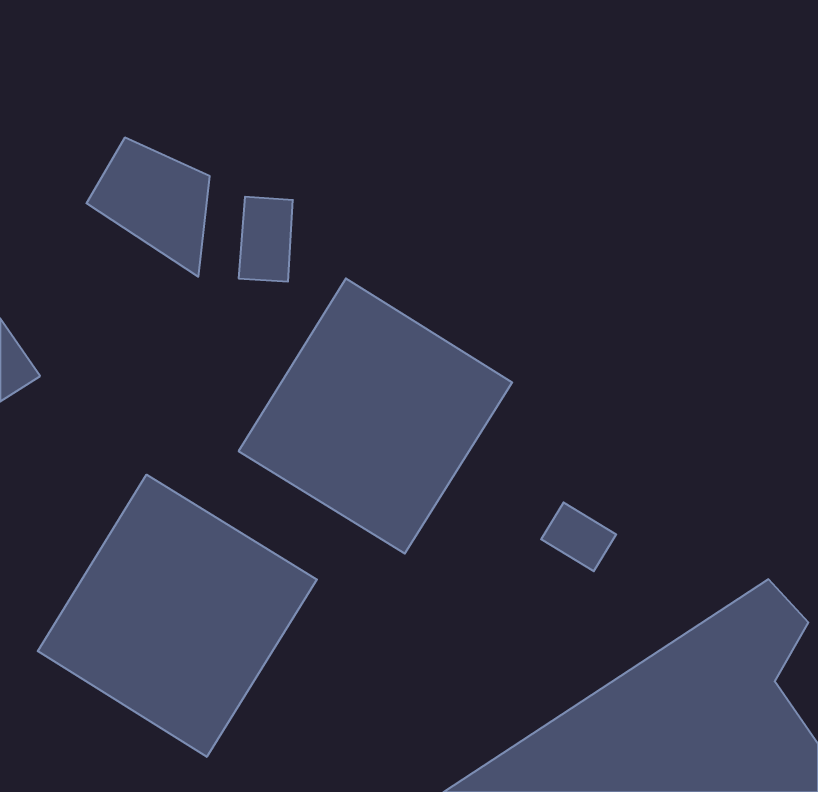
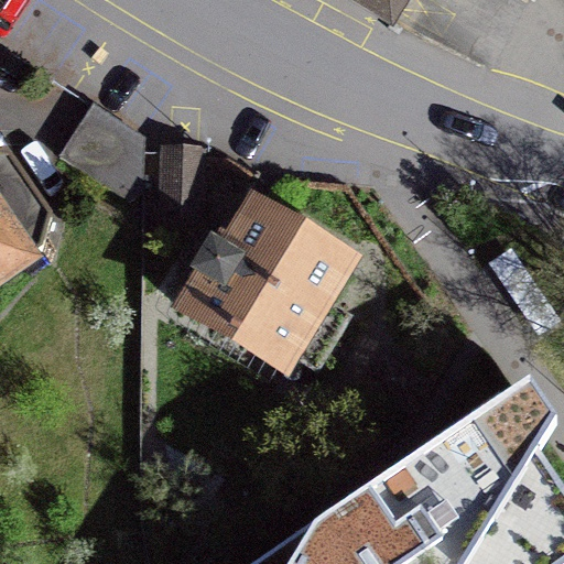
building: [38,475,317,757] -> none

